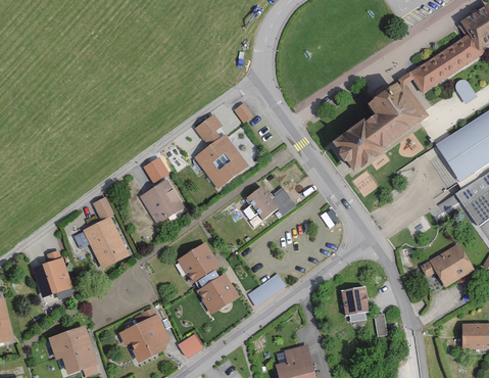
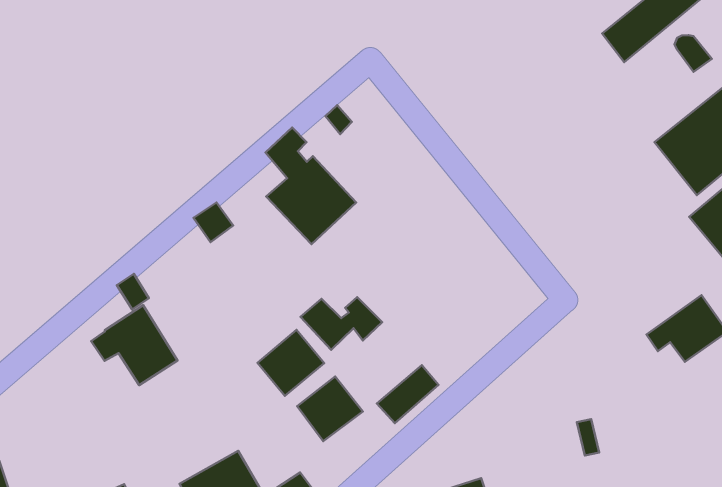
building: [338,81,426,166] -> none
building: [138,180,182,225] -> none
building: [245,187,296,220] -> [300,297,382,350]
building: [34,253,72,298] -> none
building: [339,285,369,315] -> none

